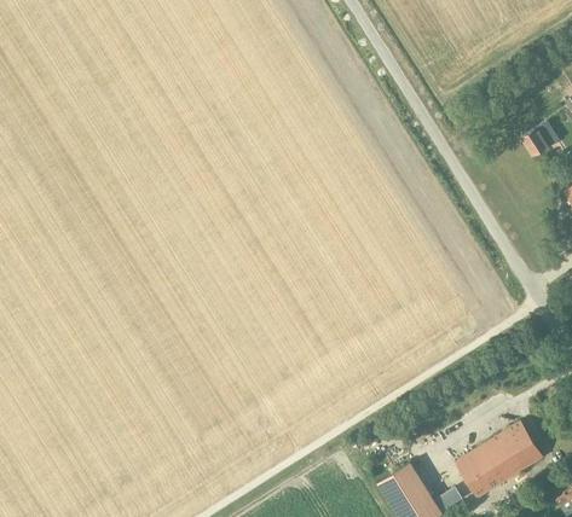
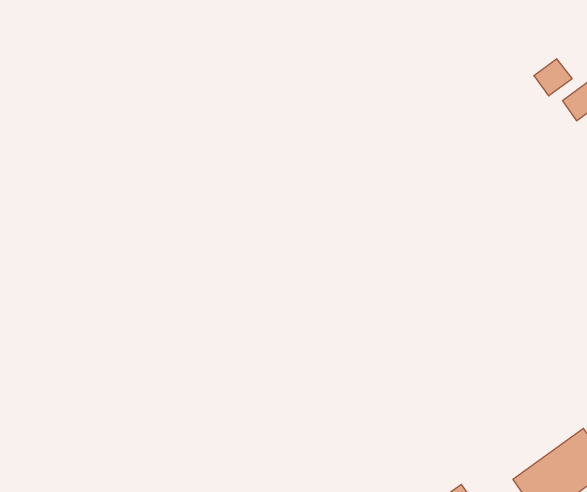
building: none -> [534,59,572,96]

